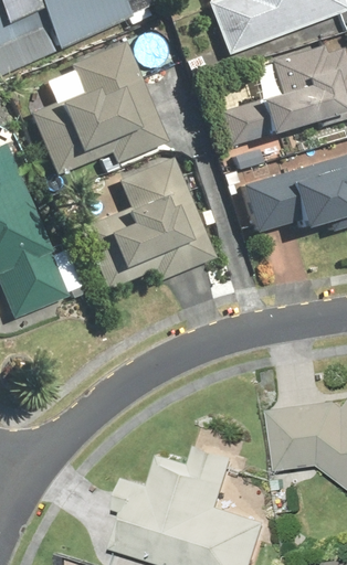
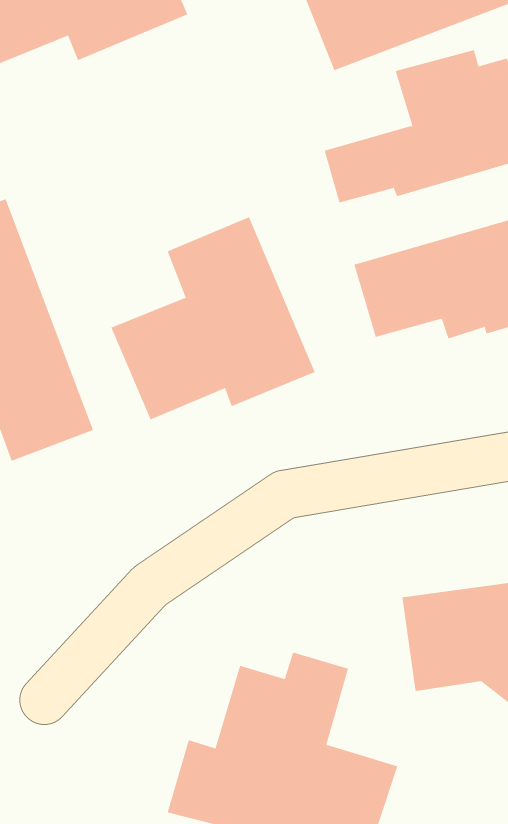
building: [25,41,164,178] -> none

